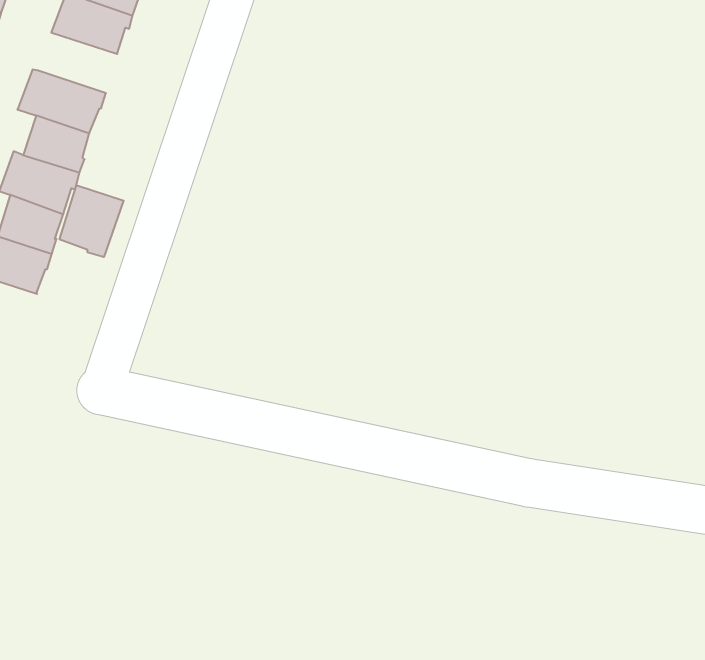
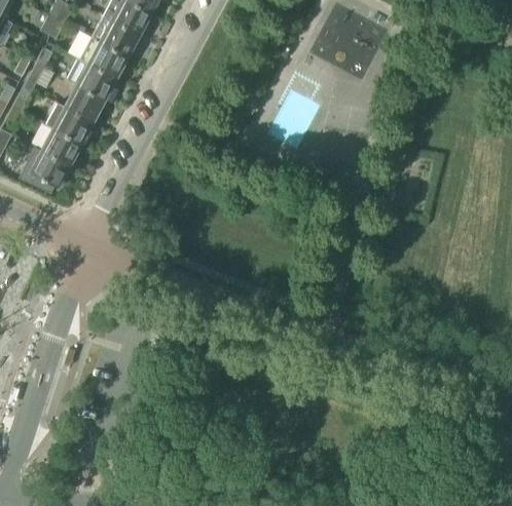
building: none -> [79,39,126,79]
building: [60,185,124,257] -> none

